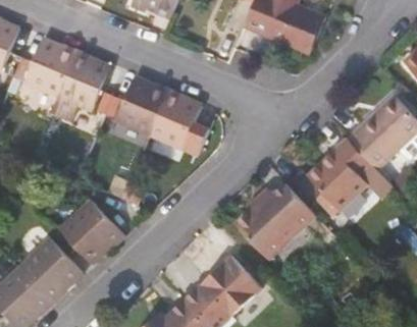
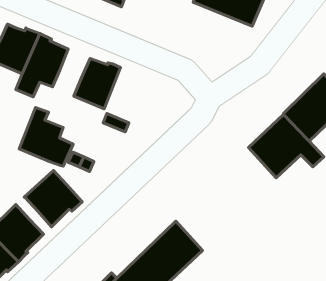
building: [149,88,209,153] -> [19,107,73,166]
building: [237,184,312,255] -> none

